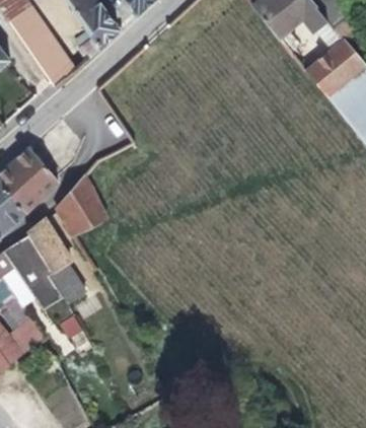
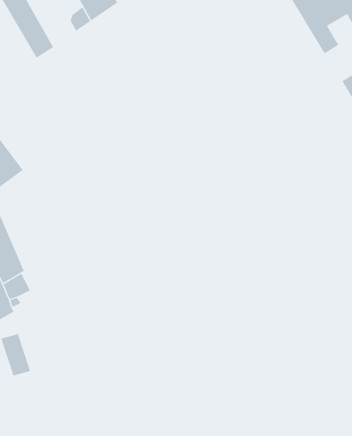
building: [58,174,108,235] -> none

